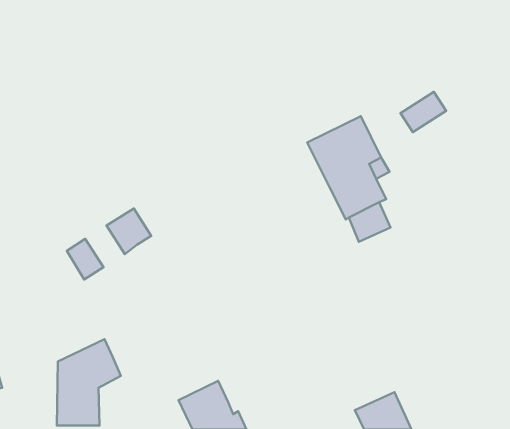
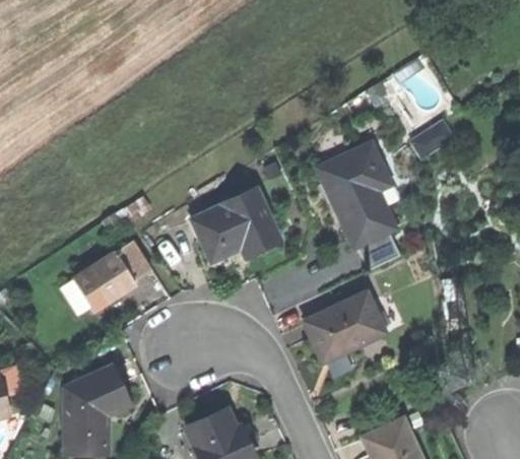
building: none -> [195,190,280,260]
building: none -> [93,253,133,294]
building: none -> [304,292,385,359]

